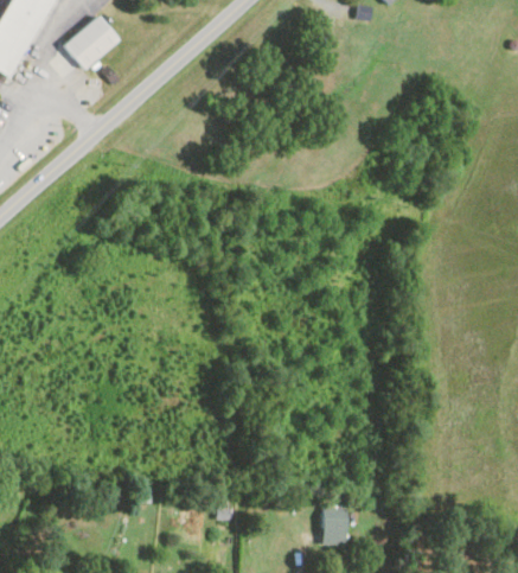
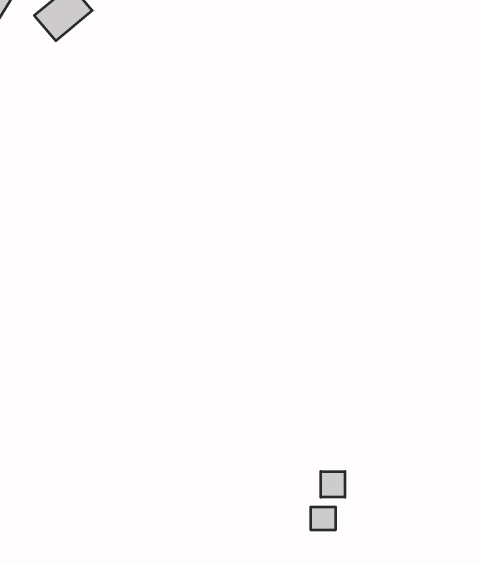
building: none -> [321,471,345,497]

